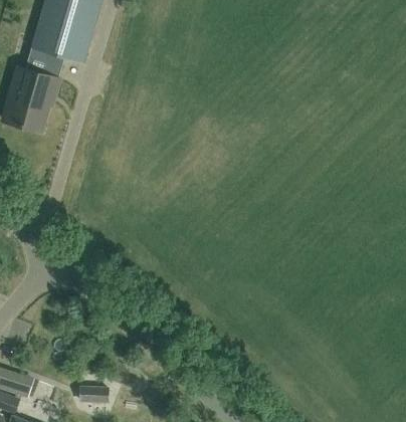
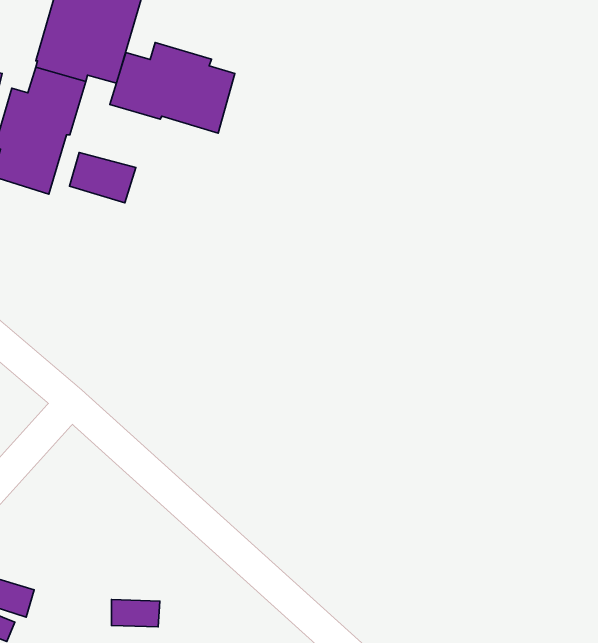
building: none -> [110,42,235,133]
building: none -> [69,153,136,203]

